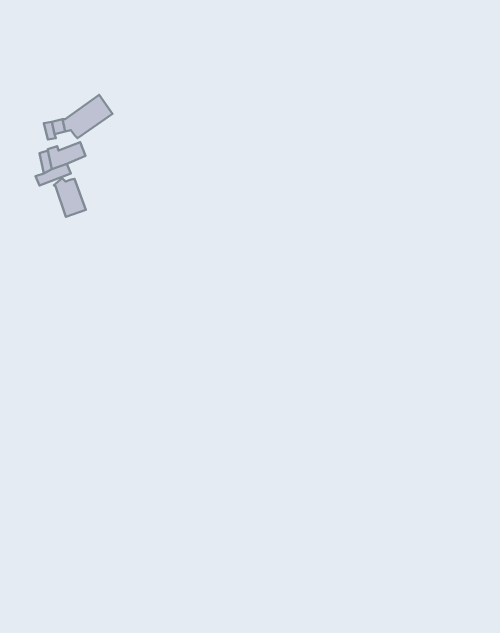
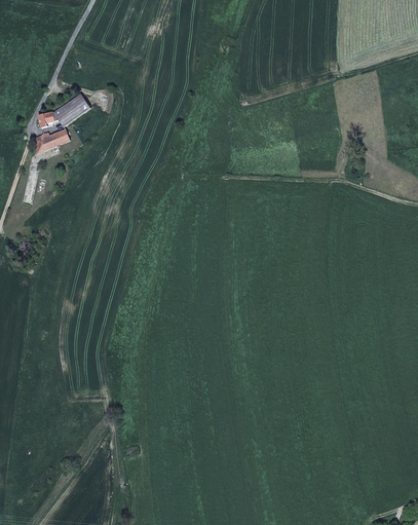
building: [54,178,86,217] -> none

